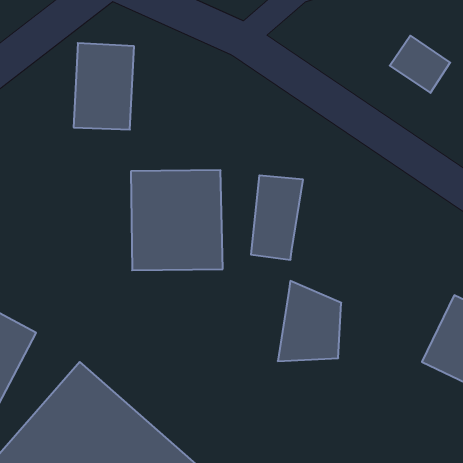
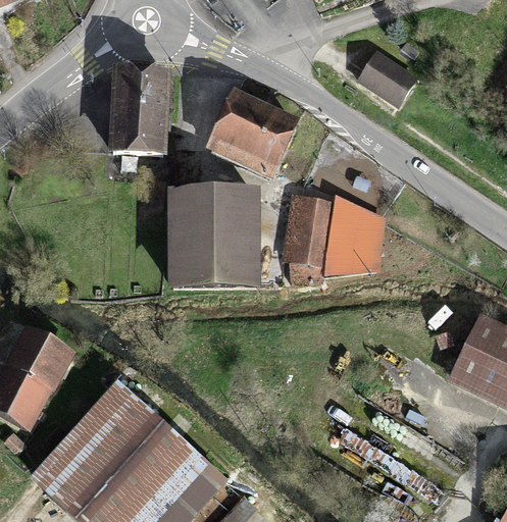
building: [390,36,450,93] -> [359,49,418,105]
building: none -> [206,91,297,177]
building: [278,281,341,361] -> [323,194,386,272]

